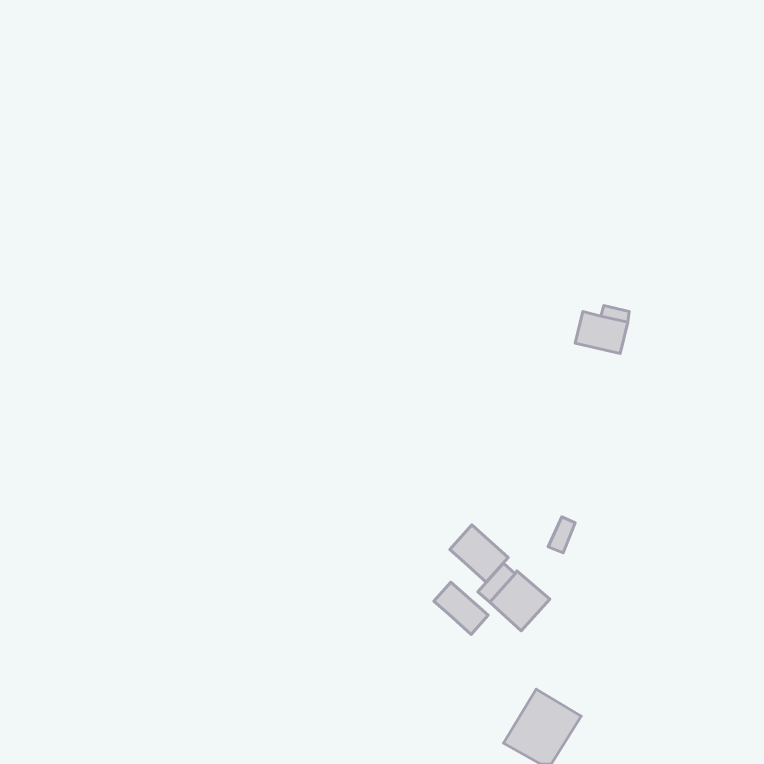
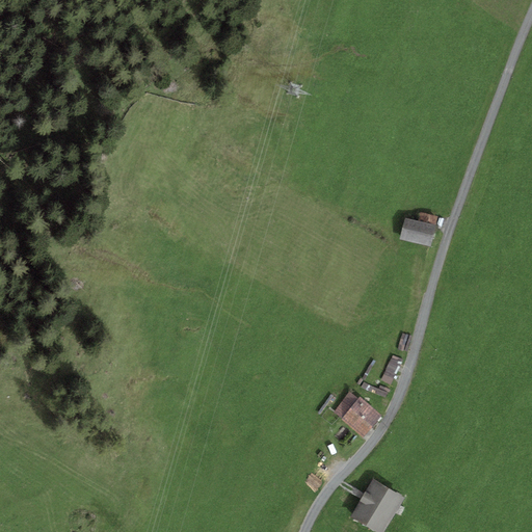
building: [450,525,508,582] -> none
building: [434,582,488,634] -> none

